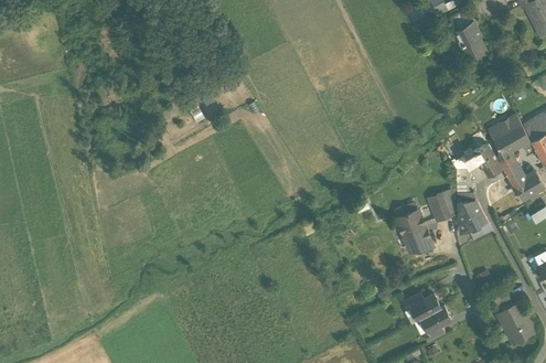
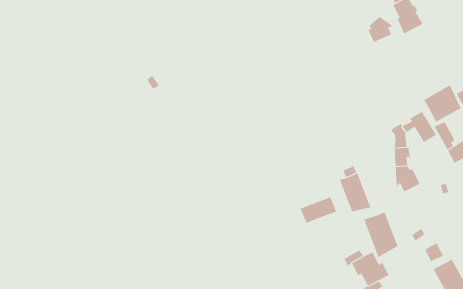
building: none -> [368,16,393,43]
building: [430,190,453,222] -> none
building: none -> [300,197,337,224]
building: none -> [363,211,398,258]

